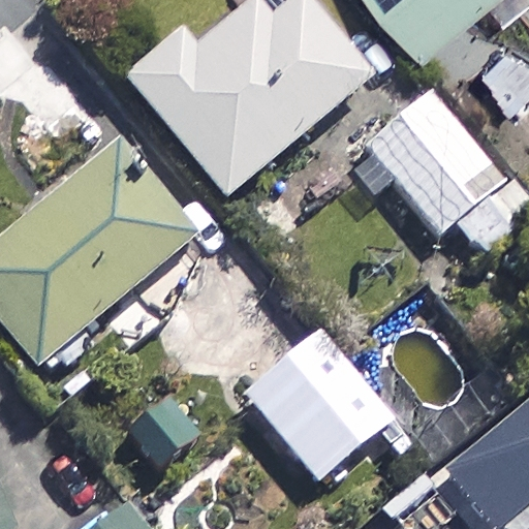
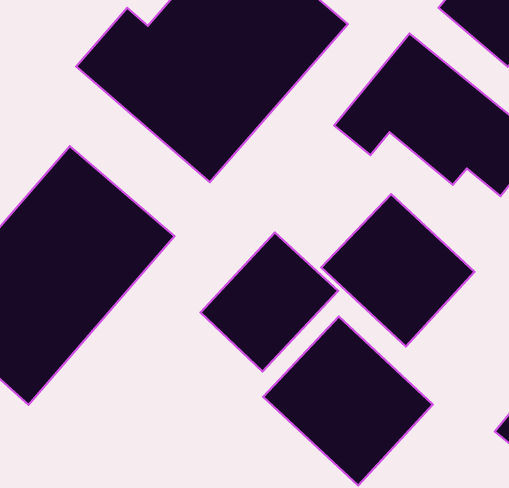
building: none -> [321,194,475,346]
building: none -> [200,233,338,372]

